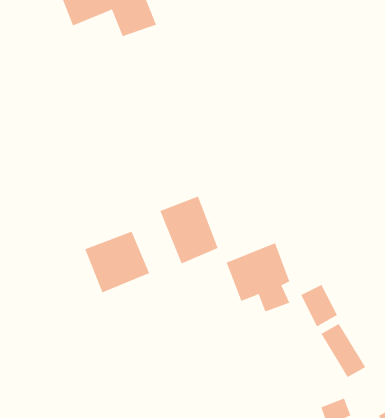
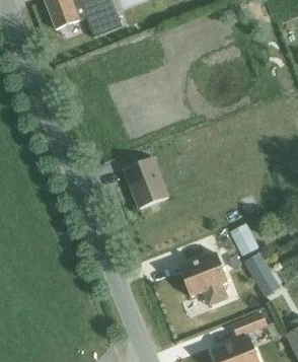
building: [84,231,150,293] -> none
building: [226,243,290,312] -> [178,252,227,305]

